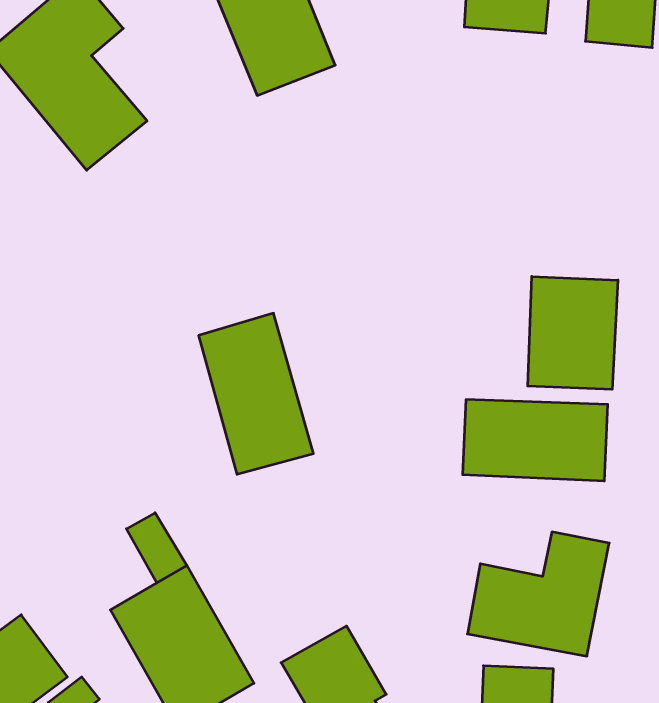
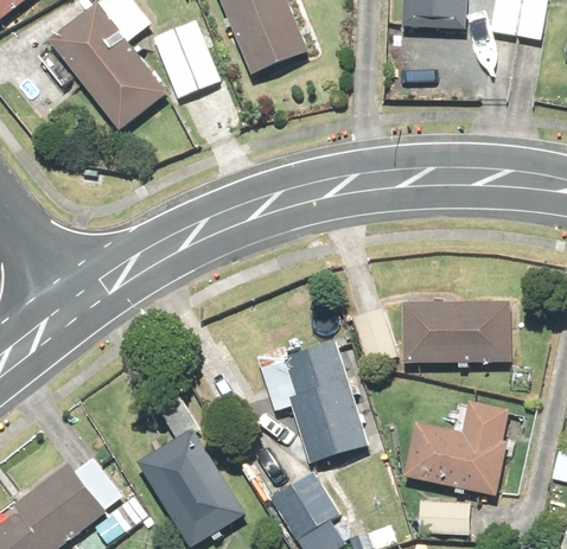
building: none -> [152,21,217,96]
building: [528,276,618,389] -> none
building: [199,313,313,474] -> [281,340,367,460]

